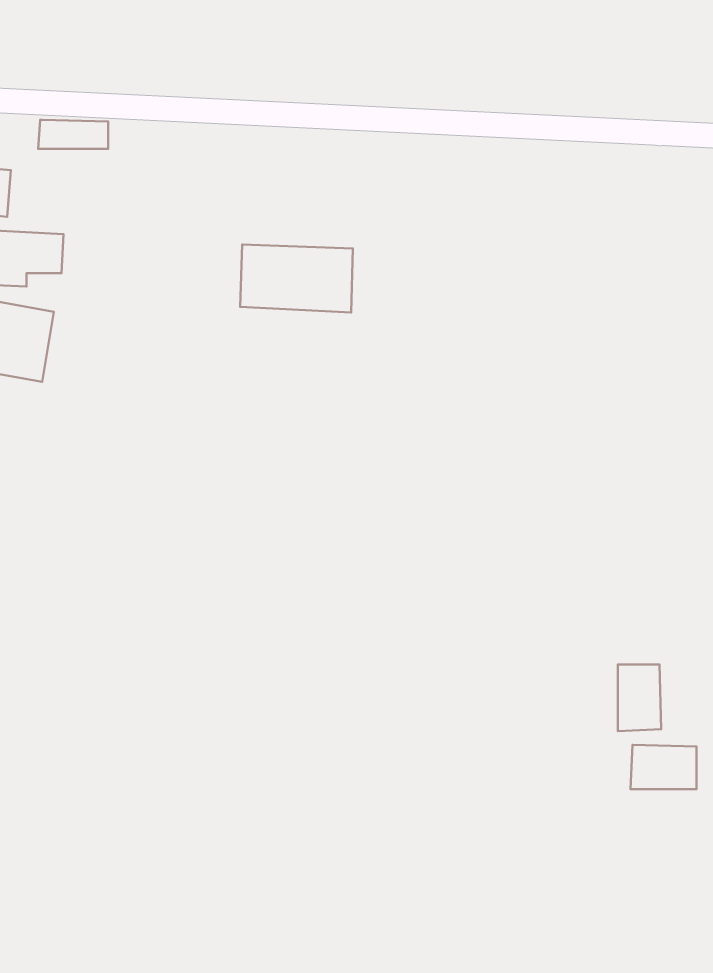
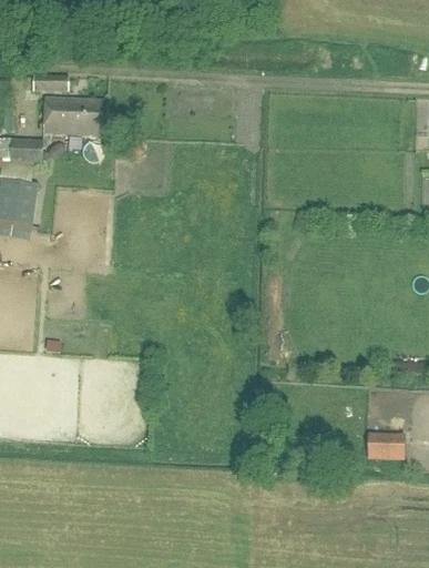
building: [240,245,353,313] -> [42,95,106,134]
building: [618,664,661,731] -> none

